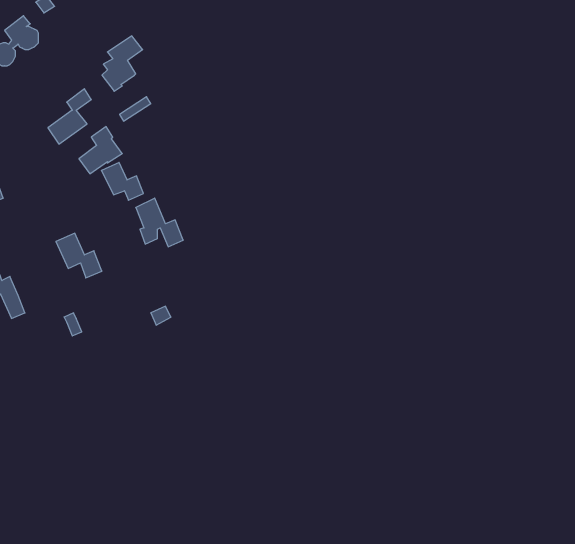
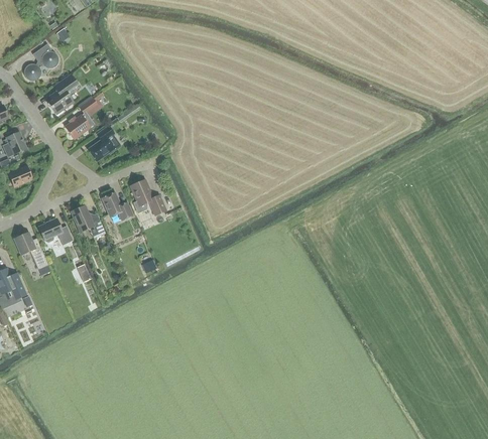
building: [102,36,143,91] -> [47,75,78,116]
building: [101,162,143,200] -> [101,192,132,221]
building: none -> [38,218,73,245]

